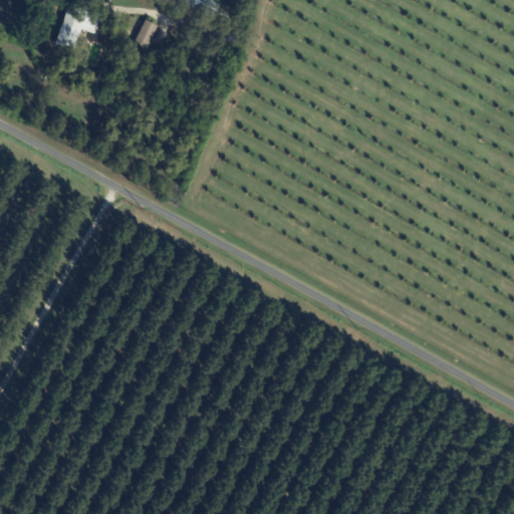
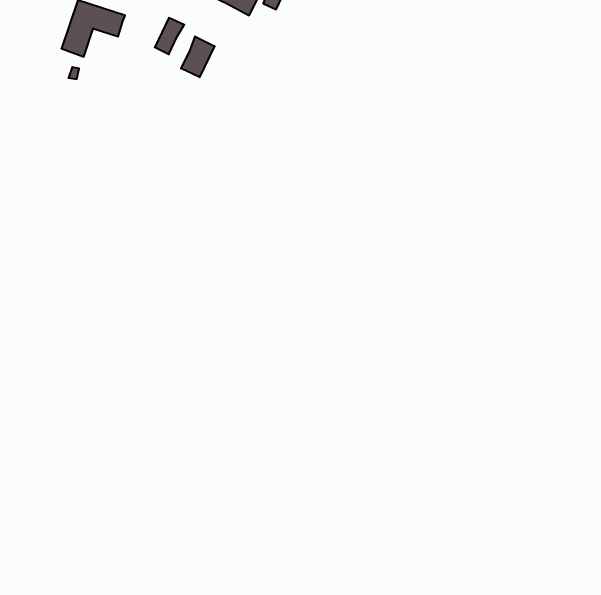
building: none -> [181,36,215,77]

